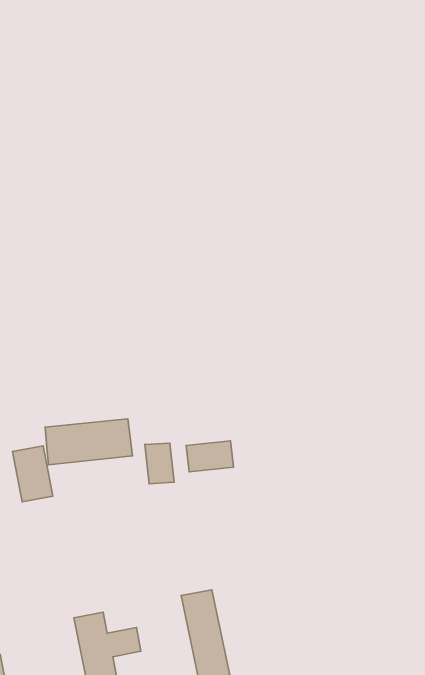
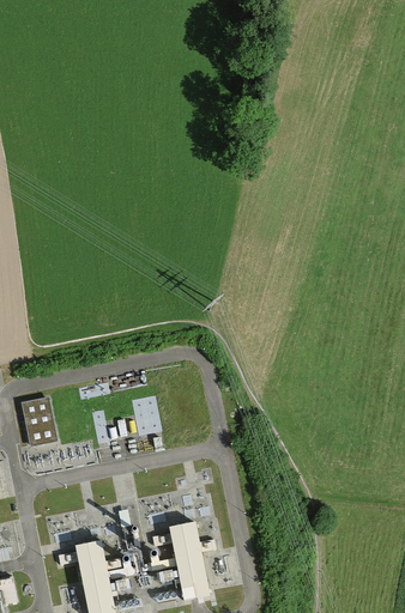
building: [45,419,133,465] -> none
building: [186,441,234,472] -> none

